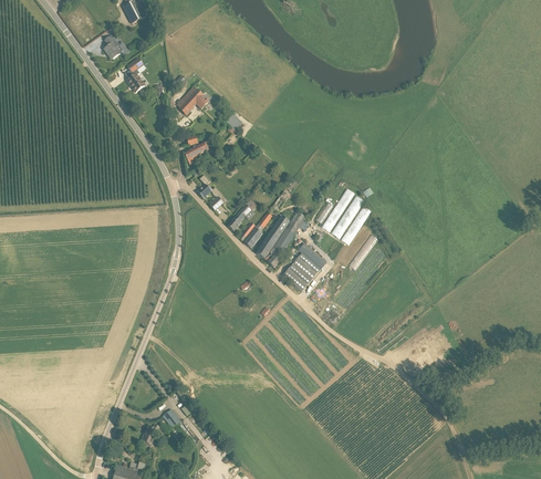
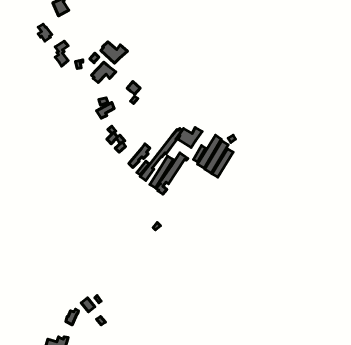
building: none -> [101,42,127,63]
building: none -> [178,128,202,147]
building: [282,242,326,291] -> none

